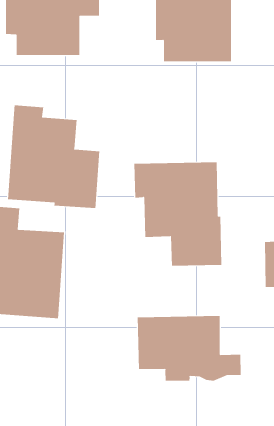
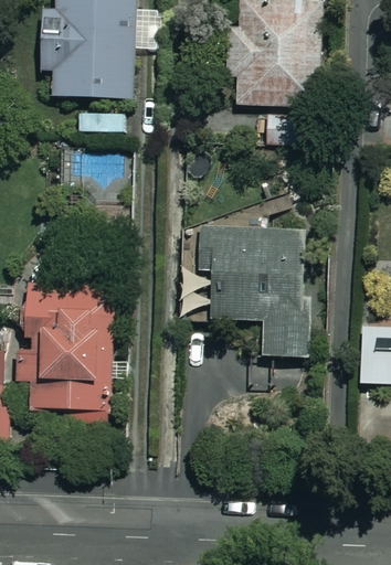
building: [7,104,100,209] -> none
building: [137,315,241,382] -> none

